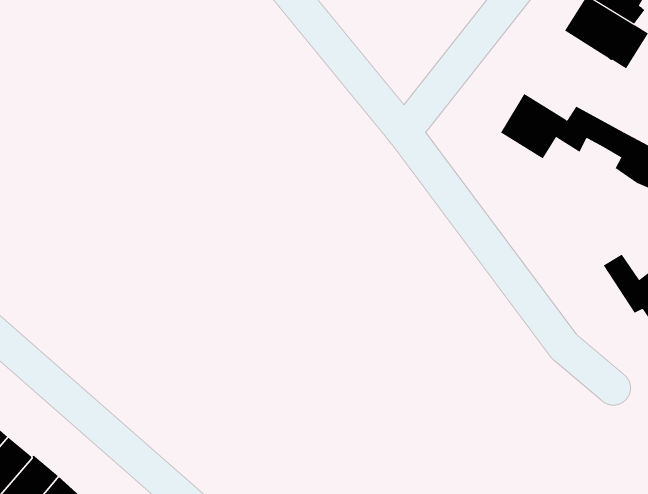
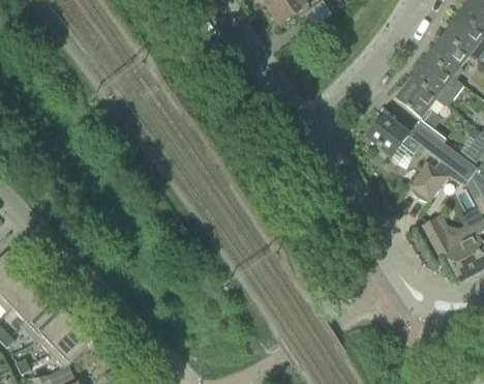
building: none -> [395,78,445,143]
building: none -> [409,161,447,201]

